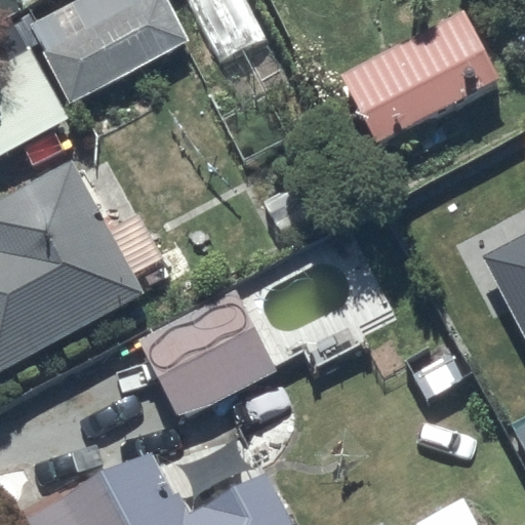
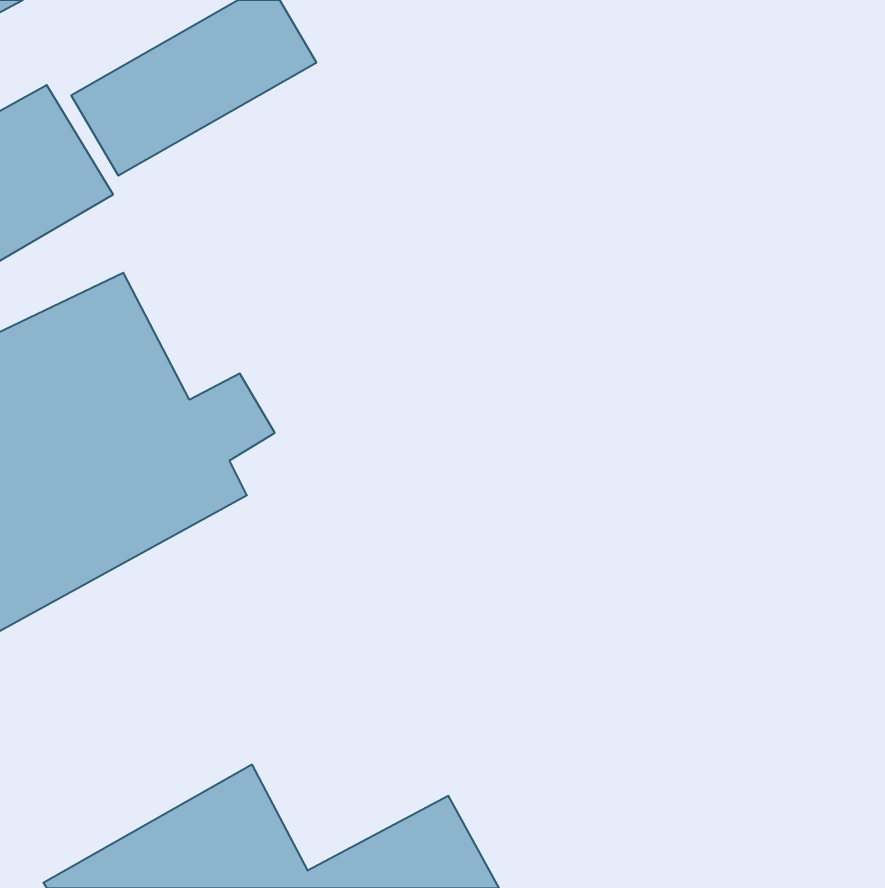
building: [339,11,497,140] -> none
building: [136,287,277,417] -> none

